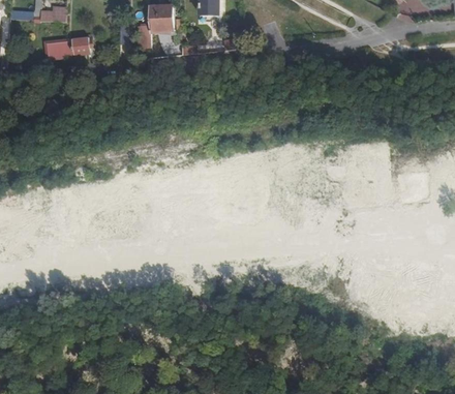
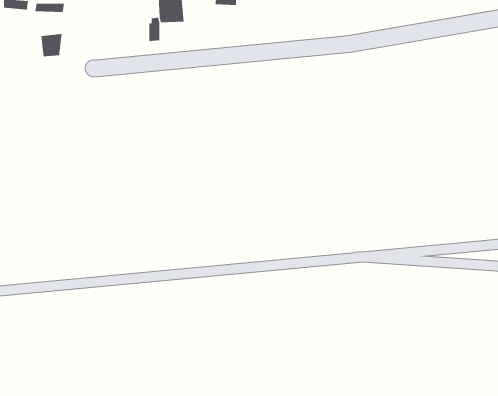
building: [62,37,90,57] -> none

